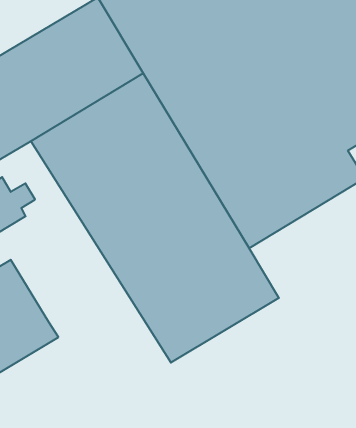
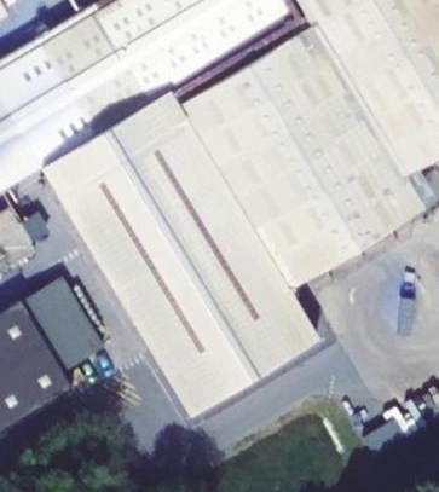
building: none -> [17,274,102,370]

